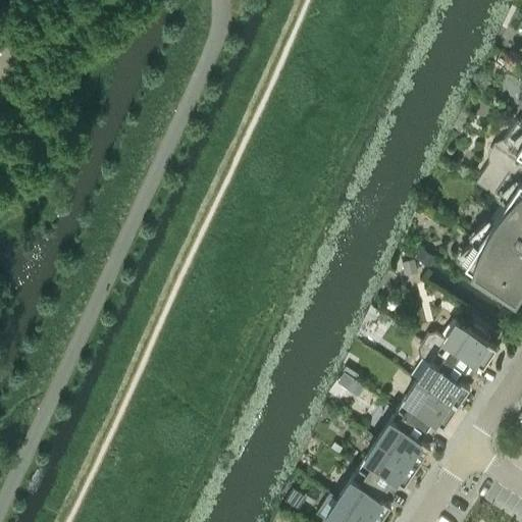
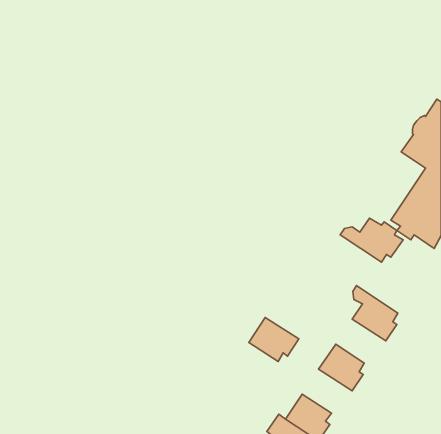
building: [421,326,495,378] -> [340,218,403,262]
building: [397,385,456,437] -> none
building: [357,445,416,497] -> [249,317,299,361]

